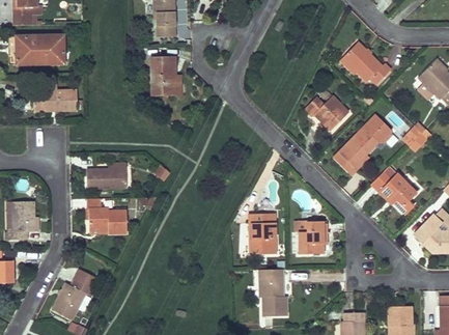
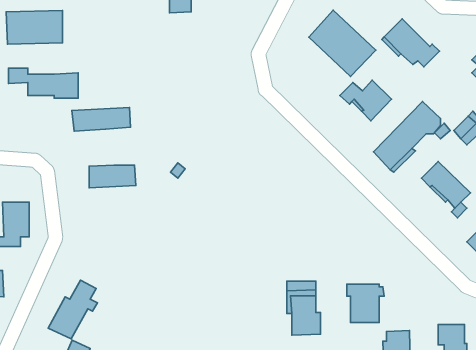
building: none -> [309,10,376,76]
building: [151,57,175,94] -> none
building: none -> [72,107,130,131]
building: [87,198,127,233] -> none
building: [250,214,276,254] -> none
building: [296,221,328,254] -> [347,284,384,323]

